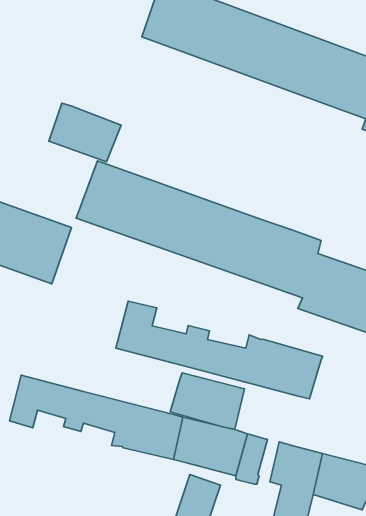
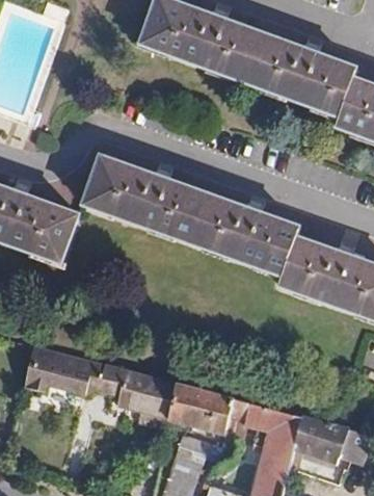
building: [49,103,121,162] -> none
building: [116,301,322,399] -> none
building: [170,373,245,429] -> none

